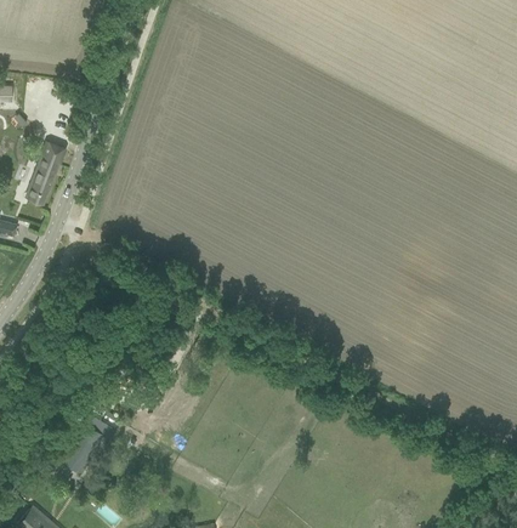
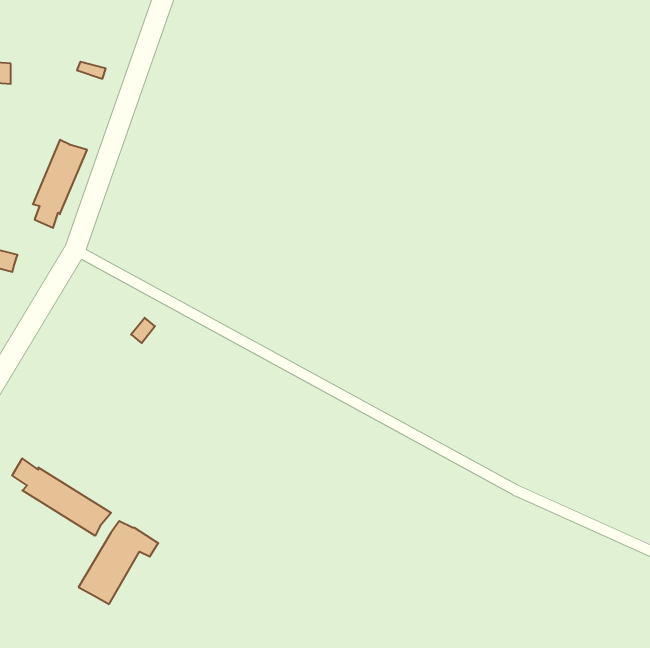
building: none -> [12,458,111,536]

